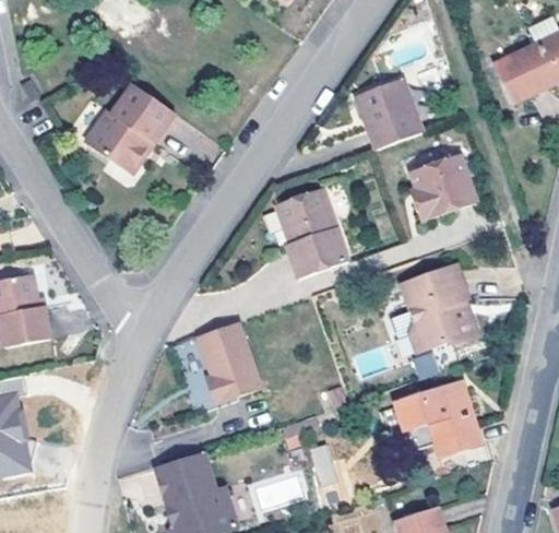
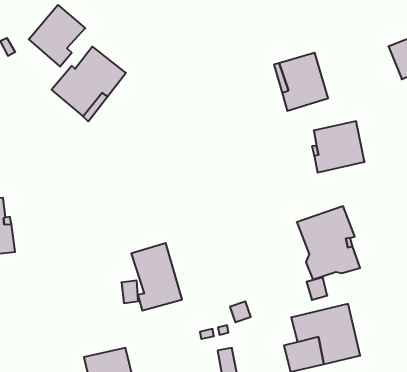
building: none -> [29,5,85,67]
building: [276,188,347,277] -> none

